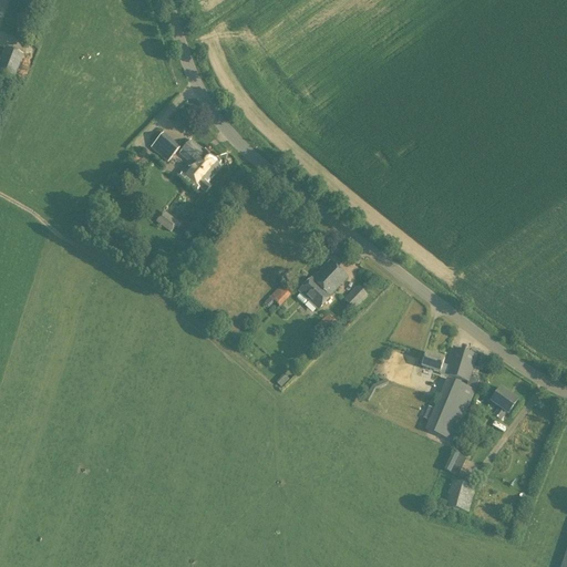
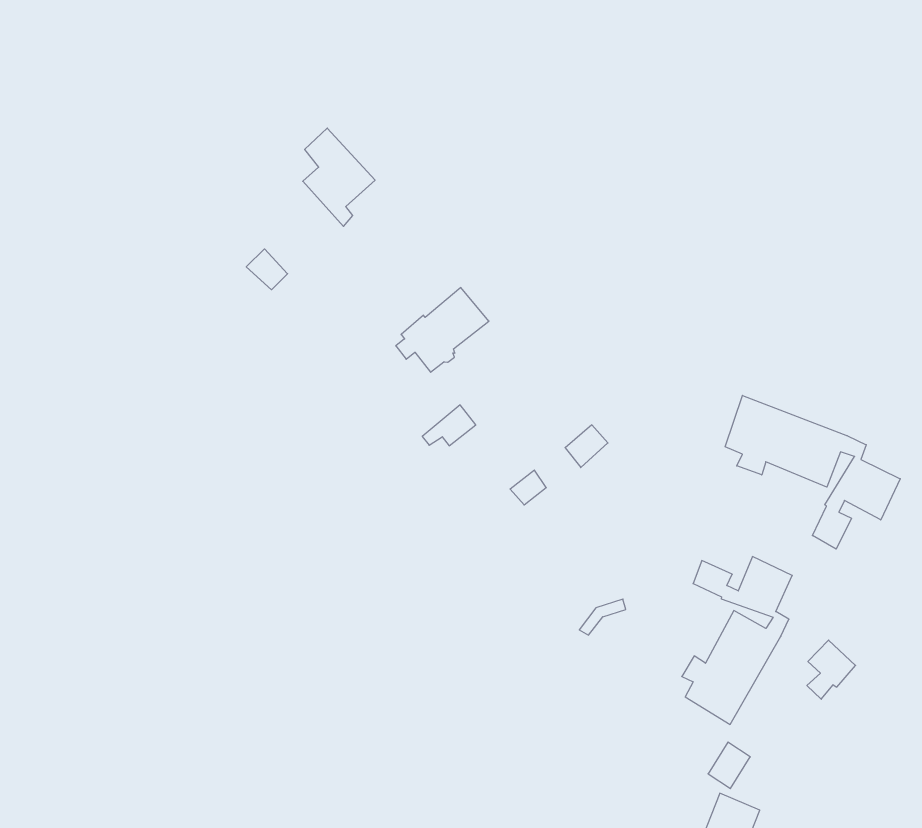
building: [148,131,178,161] -> none
building: none -> [725,395,900,549]
building: [296,259,346,308] -> [396,288,489,372]

